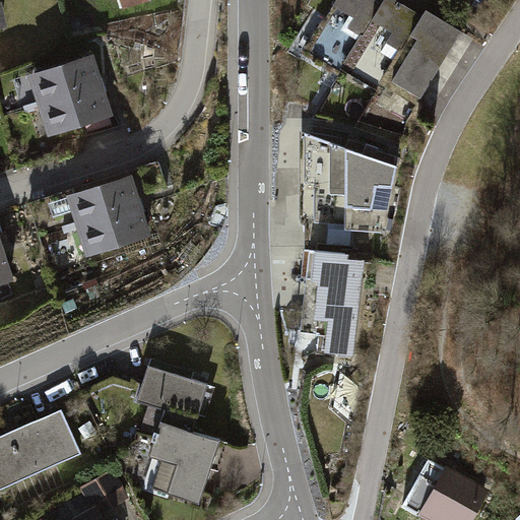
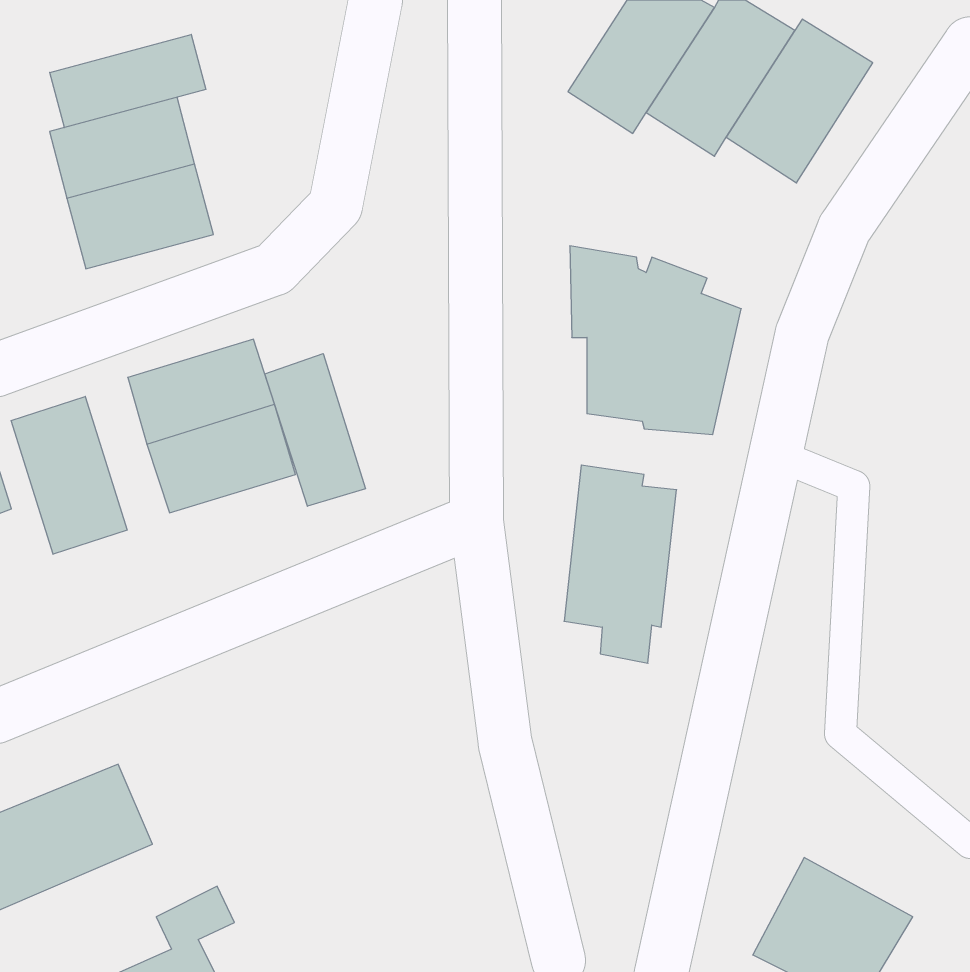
building: none -> [50,34,206,128]
building: none -> [265,354,365,506]
building: none -> [11,396,127,554]
building: [135,364,207,424] -> none
building: [147,419,220,505] -> none

